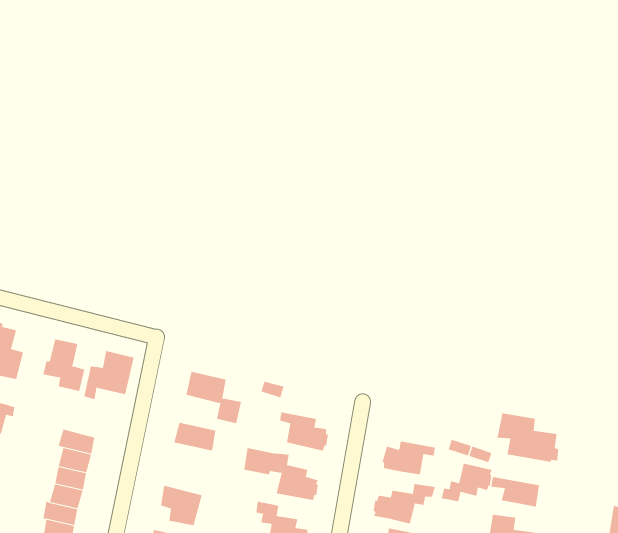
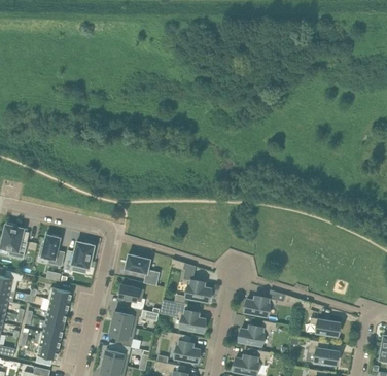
building: [497,413,559,463] -> none
building: none -> [111,307,157,329]
building: [441,463,492,502] -> none

